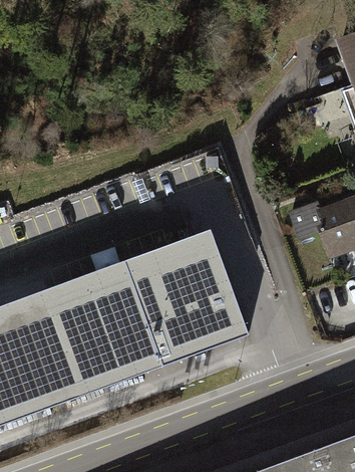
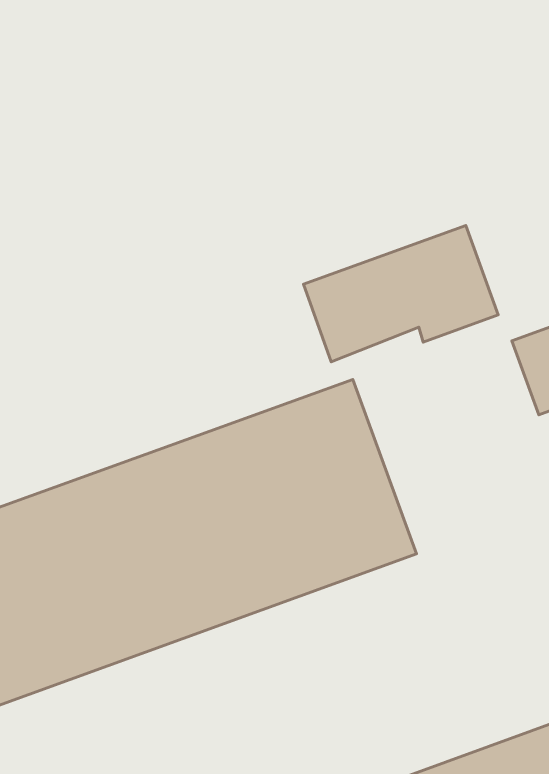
building: none -> [303,225,498,362]

